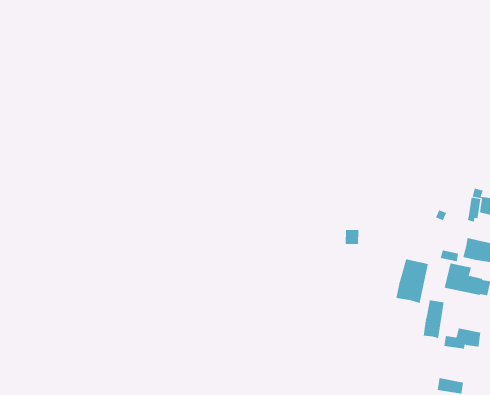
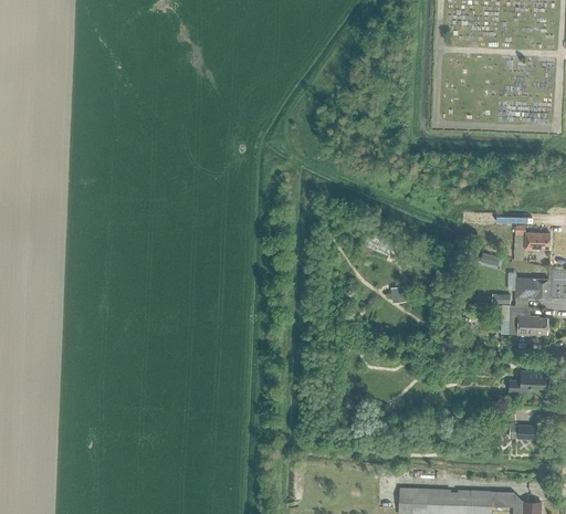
building: [396,258,428,304] -> none
building: [423,299,444,339] -> none

